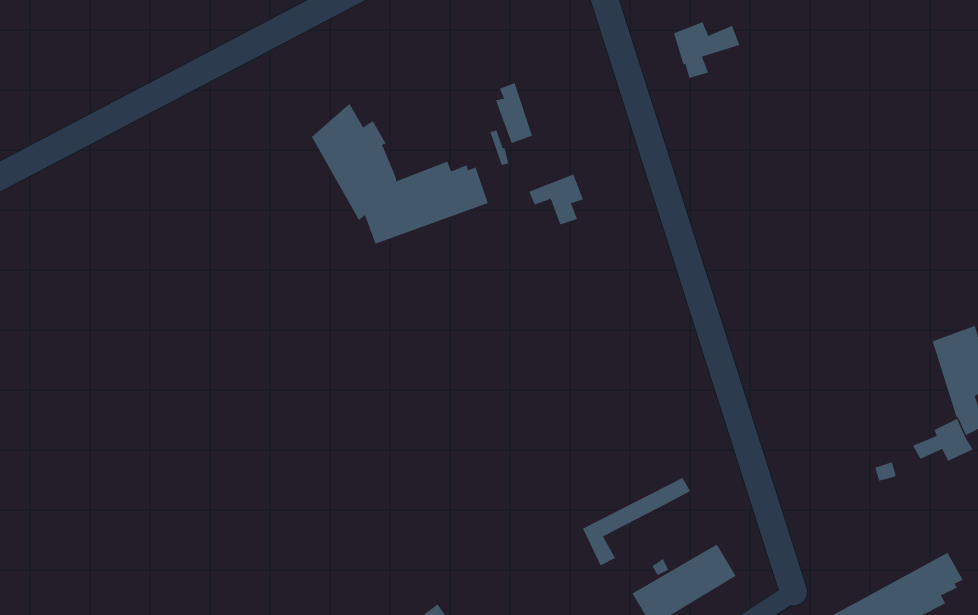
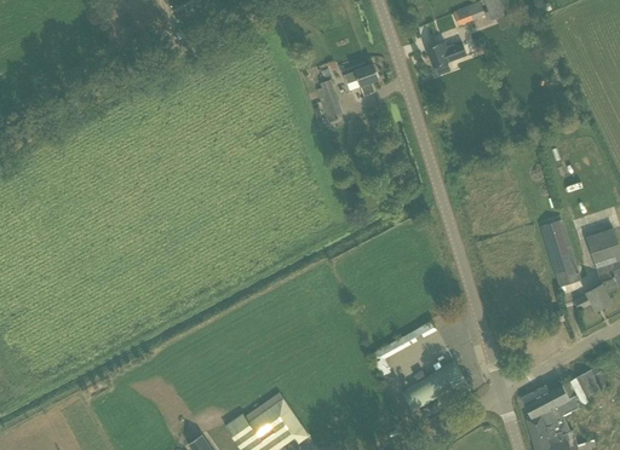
building: [311,103,489,245] -> none
building: [528,174,584,225] -> [345,63,379,94]
building: none -> [541,218,581,285]

